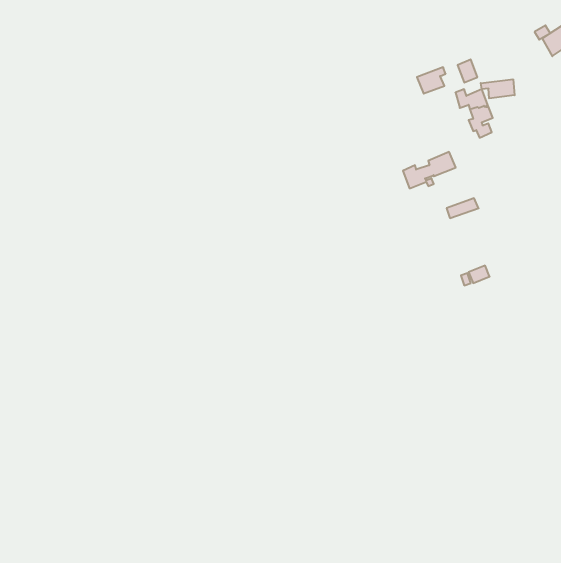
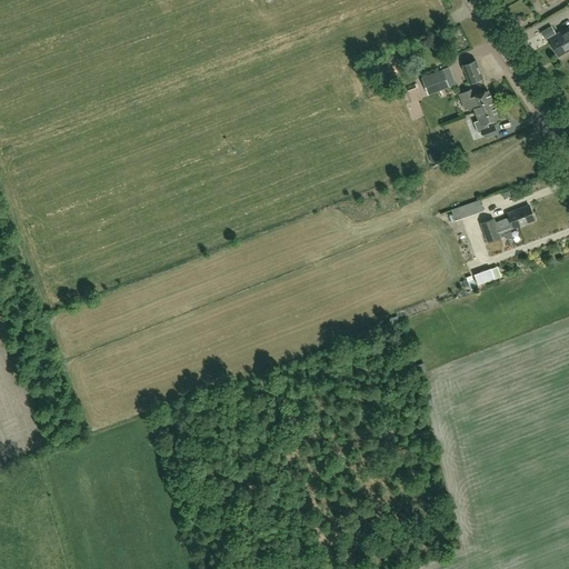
building: [481,79,515,98] -> none
building: [403,152,456,188] -> [482,204,536,241]

